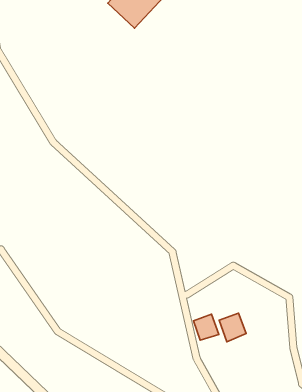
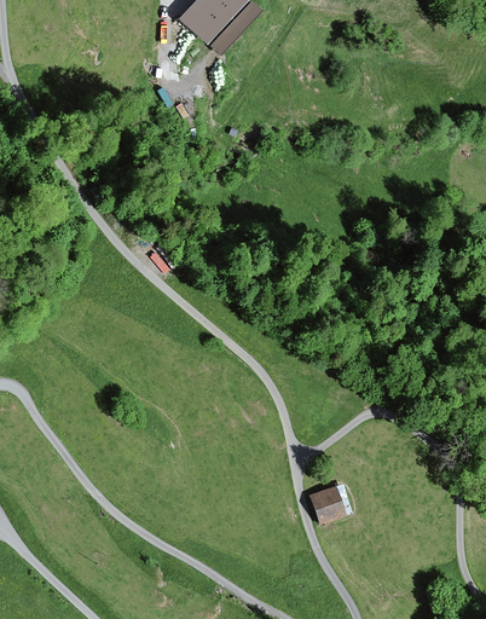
building: [219,313,246,342] -> none

